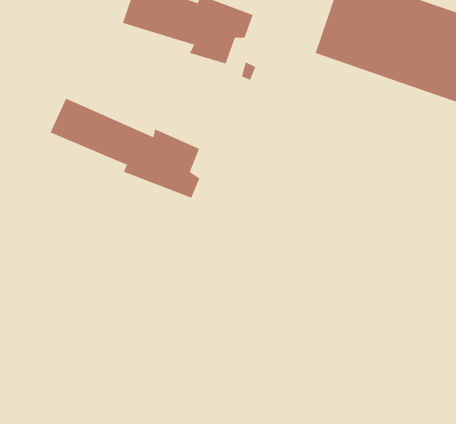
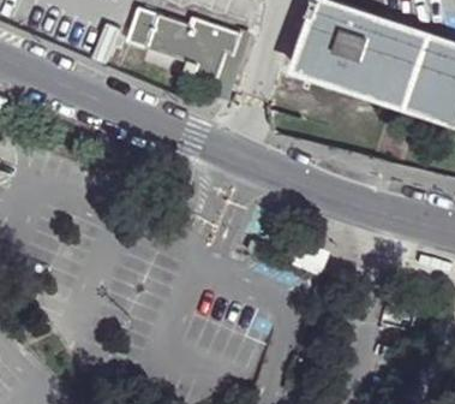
building: [50,98,200,198] -> none

